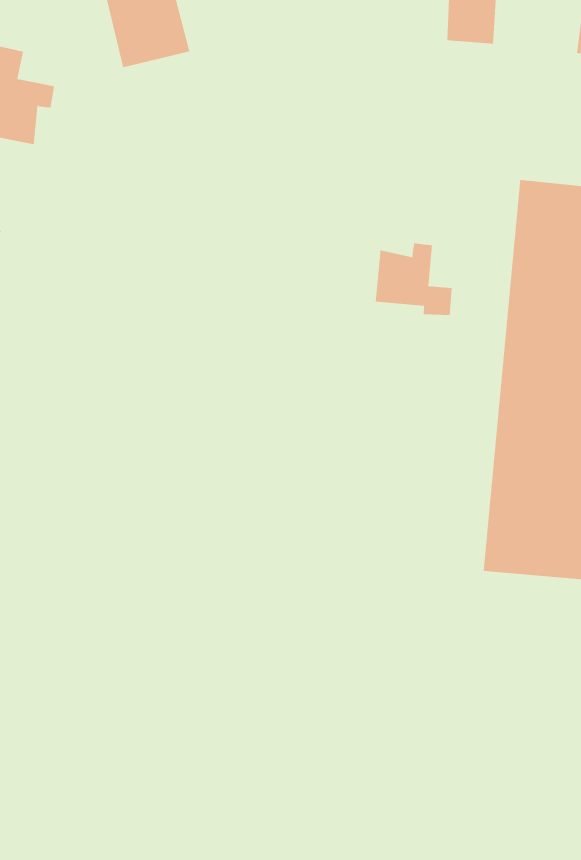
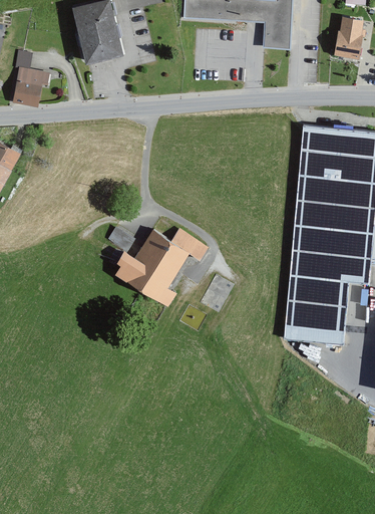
building: [375,243,452,316] -> none
building: none -> [106,225,208,309]

